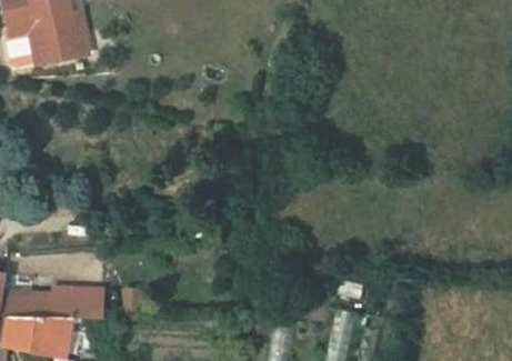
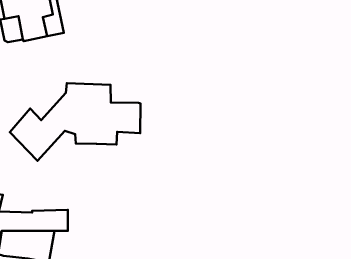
building: none -> [10,83,141,161]

